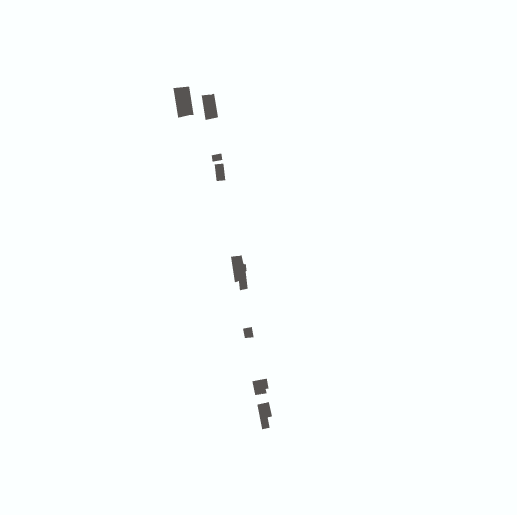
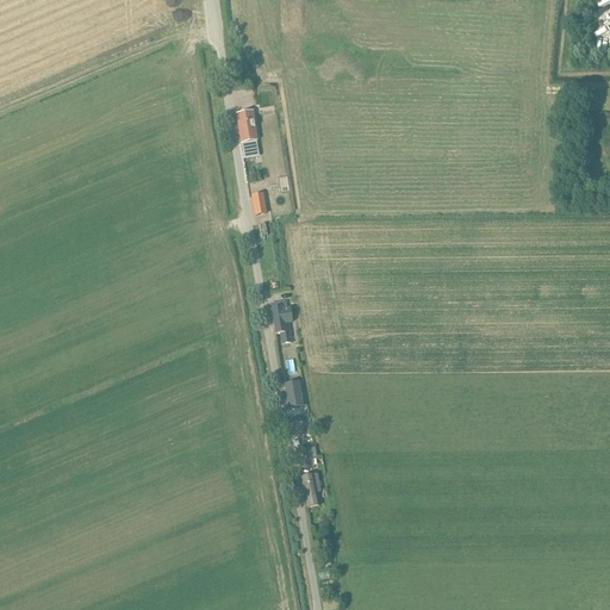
building: [173,86,194,118] -> none

